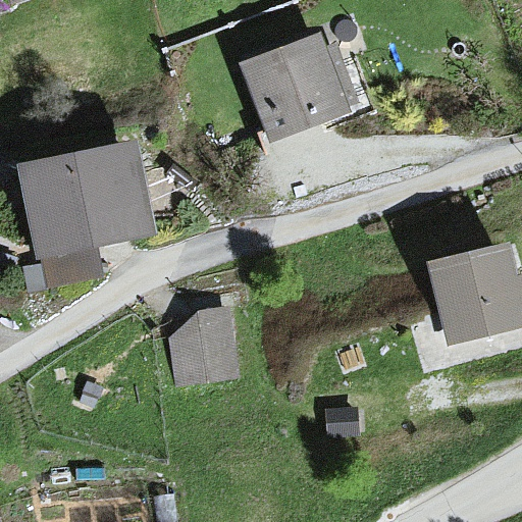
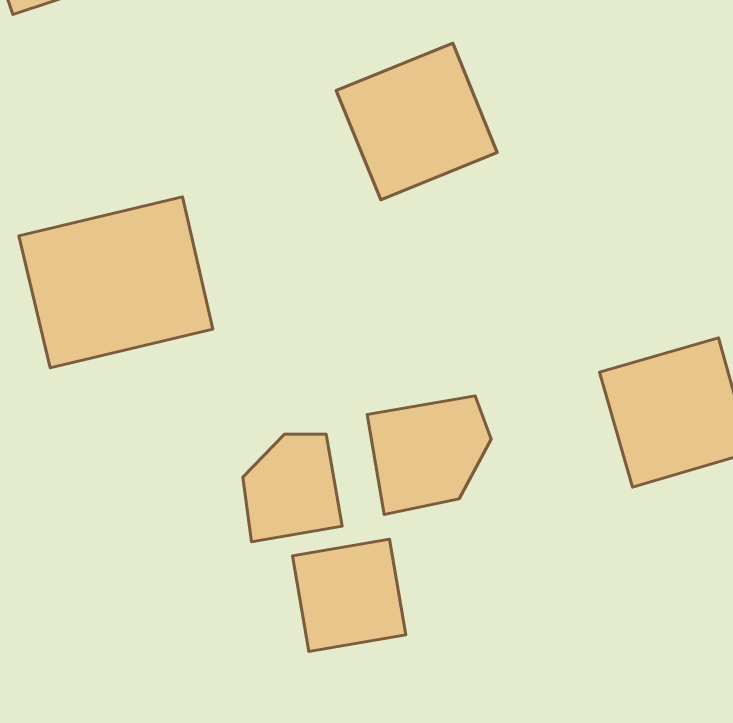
building: none -> [367,396,491,514]
building: none -> [292,539,406,651]

